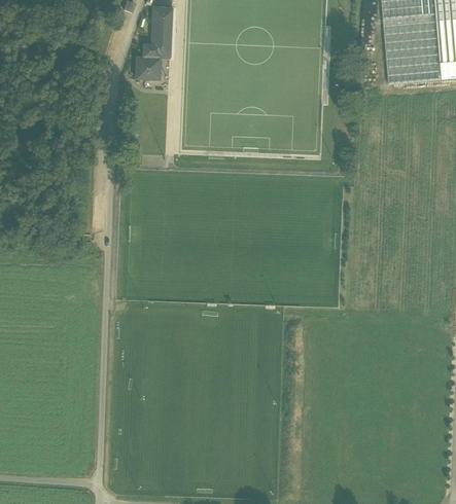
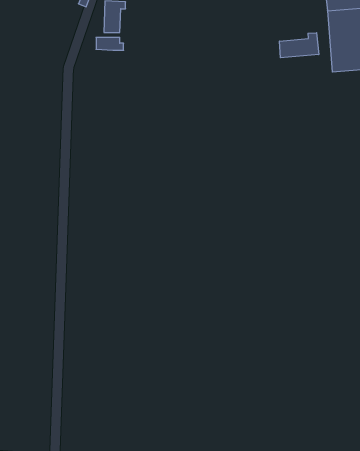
building: none -> [280,33,319,58]
building: [136,58,160,79] -> none

